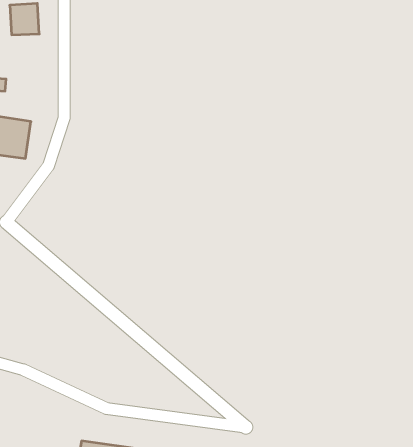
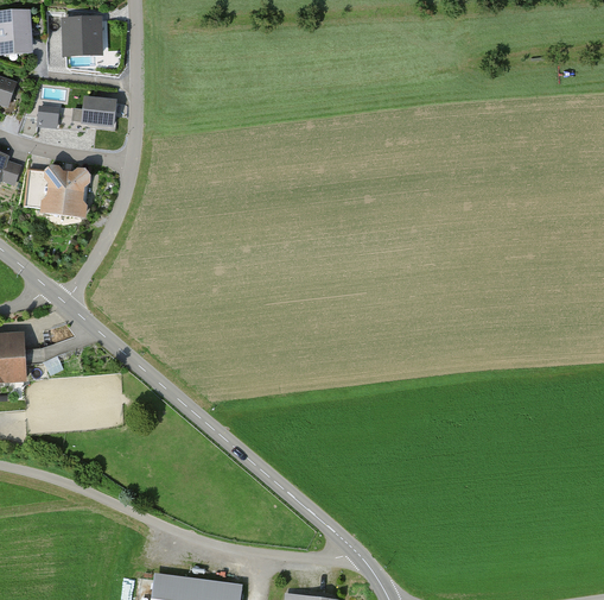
building: none -> [80,93,117,125]

